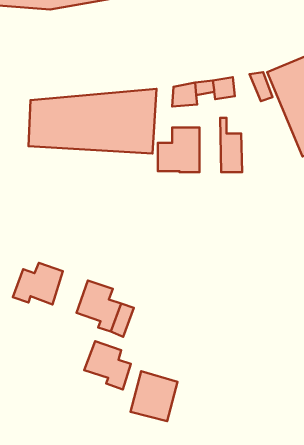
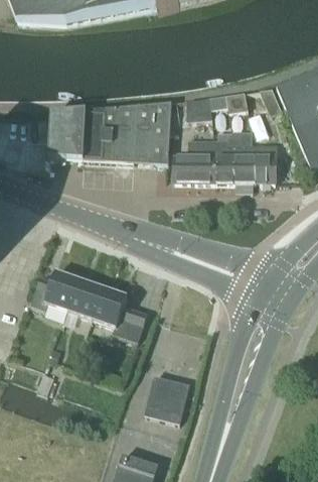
building: none -> [211,129,232,182]
building: none -> [252,144,273,182]
building: none -> [69,277,104,318]
building: [84,341,131,389] -> none

